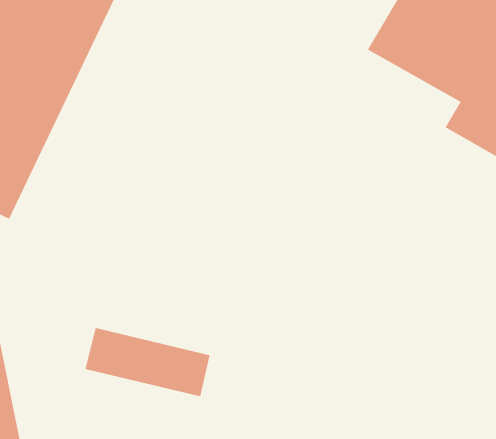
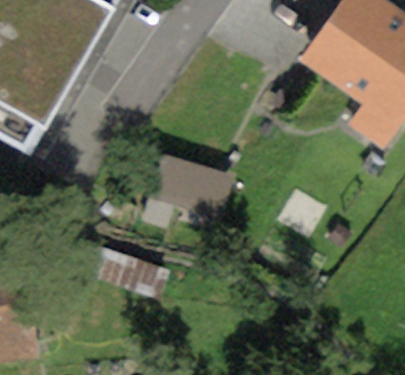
building: none -> [142,152,236,240]

